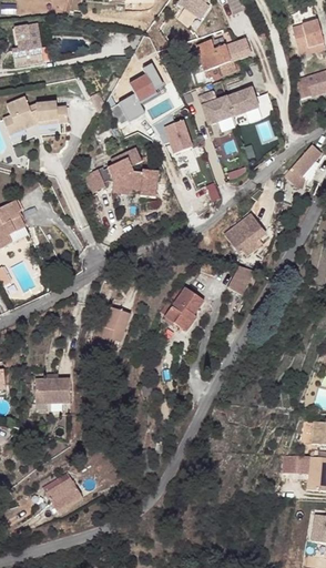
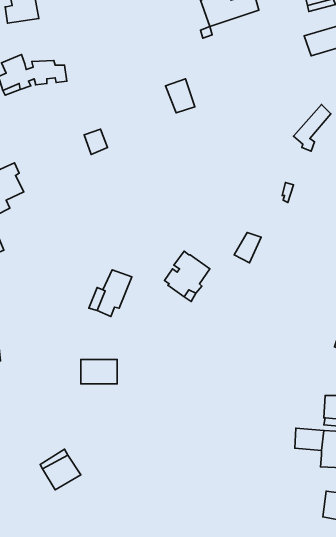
building: [119,67,164,122] -> none
building: [201,87,273,123] -> none
building: [108,148,159,196] -> none
building: [223,214,265,256] -> none
building: [35,377,70,400] -> [81,360,117,384]

